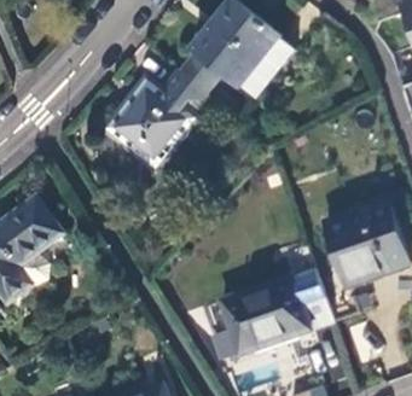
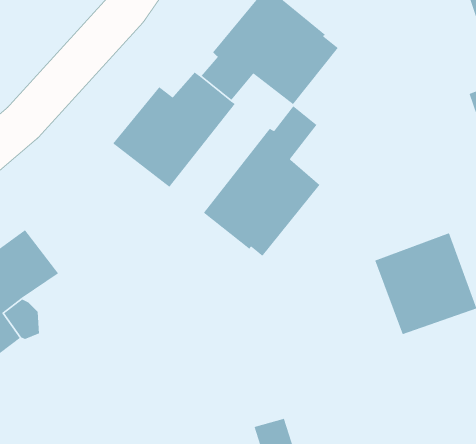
building: none -> [203,105,321,257]
building: [220,269,333,355] -> none

